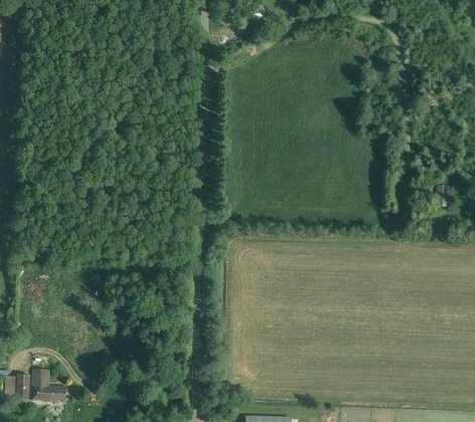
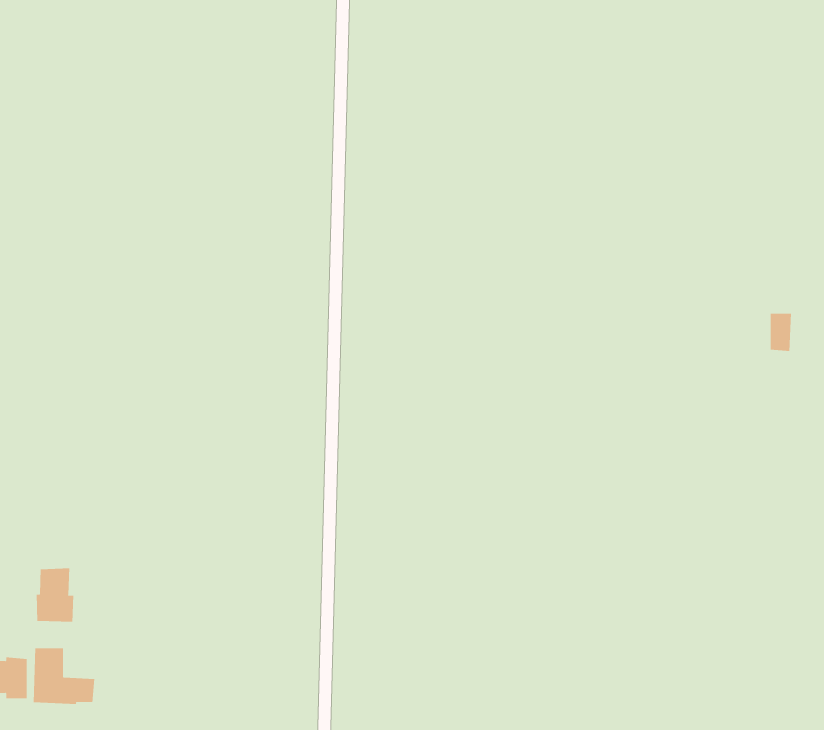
building: none -> [36,567,74,623]

